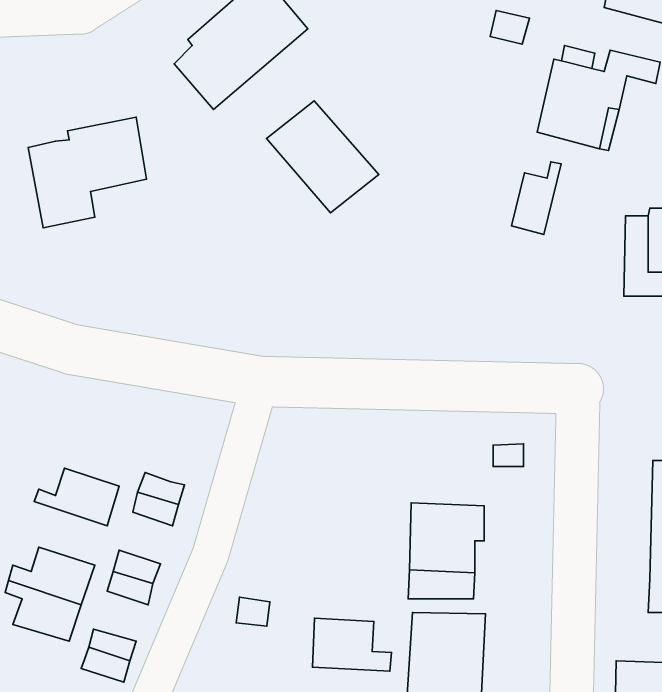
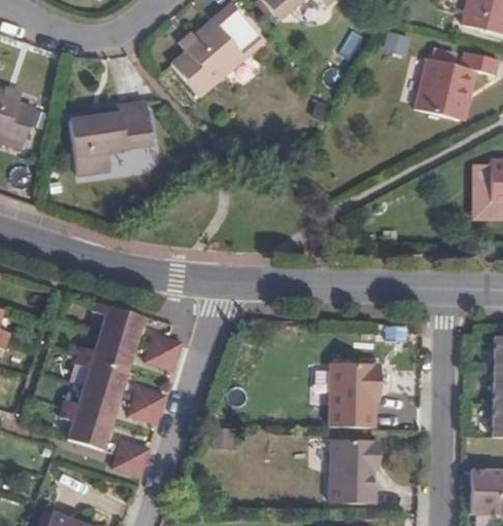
building: [267,101,379,213] -> none
building: [512,162,561,234] -> none
building: none -> [91,305,144,348]
building: none -> [74,359,126,402]
building: [313,618,391,671] -> none

